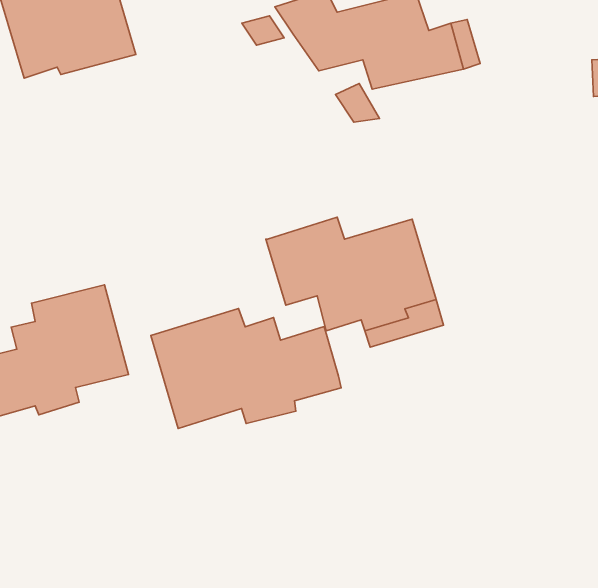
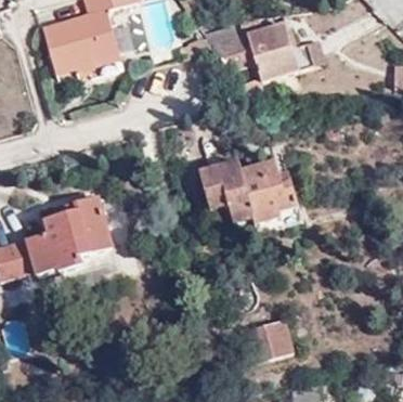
building: [151,309,341,428] -> none
building: none -> [245,316,294,362]

